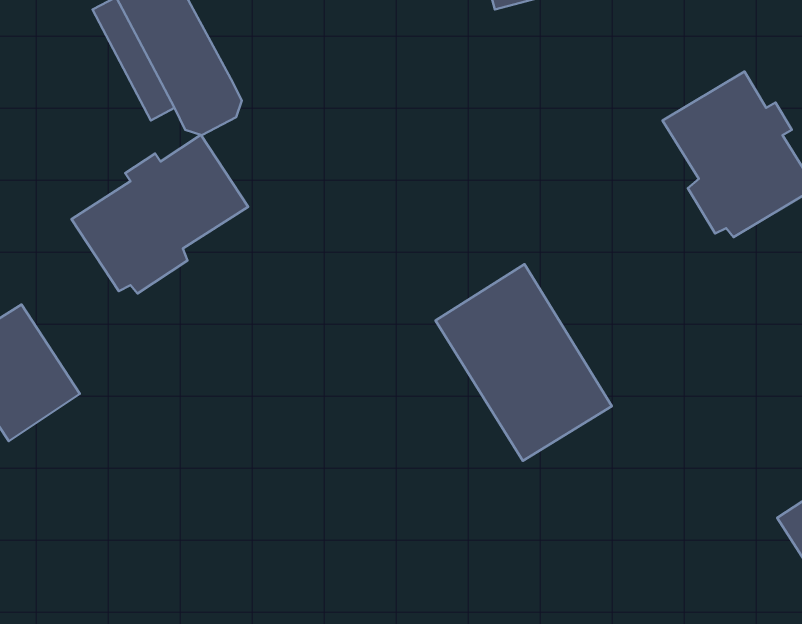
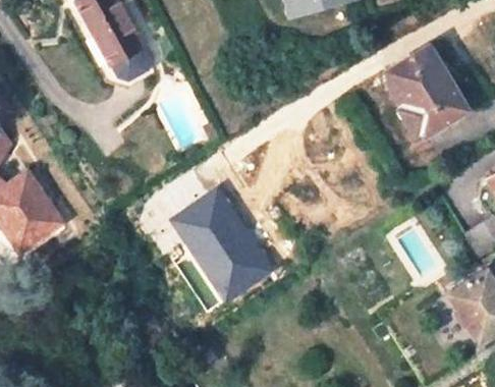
building: [71,135,248,294] -> none
building: [435,264,612,461] -> [174,187,273,297]

